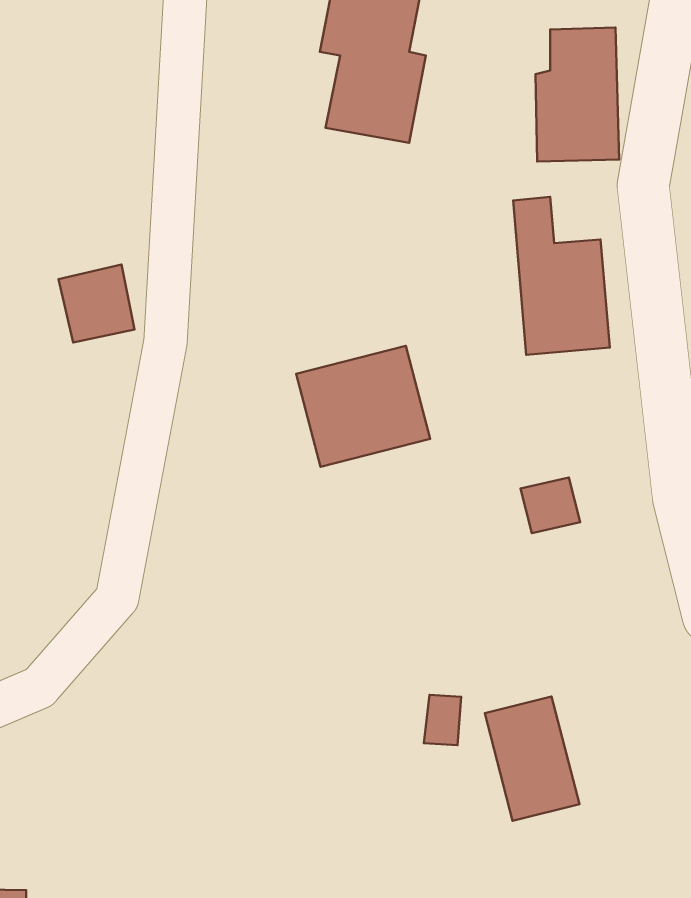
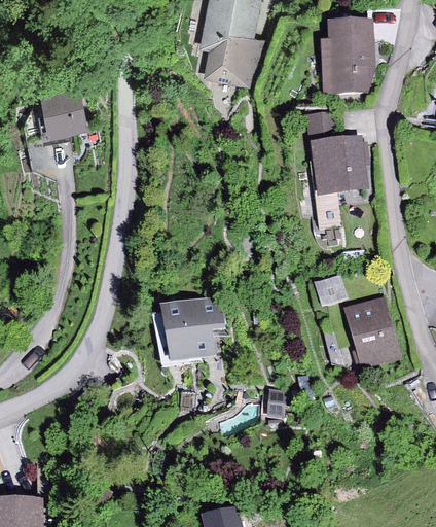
building: [58,264,135,343] -> [43,91,85,134]
building: [296,346,430,467] -> [156,296,230,363]
building: [485,696,580,821] -> [344,297,397,366]

